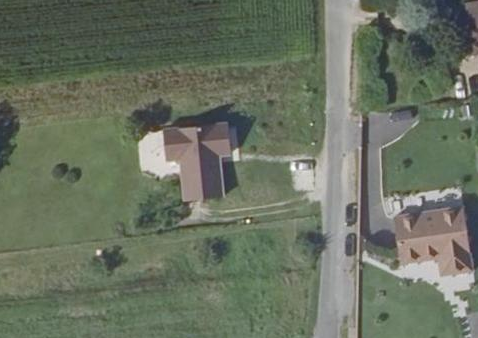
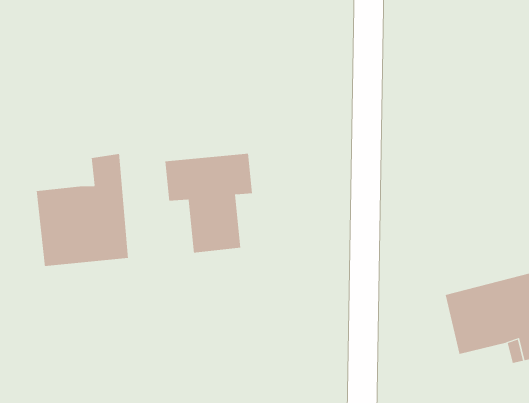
building: none -> [36,153,129,267]

